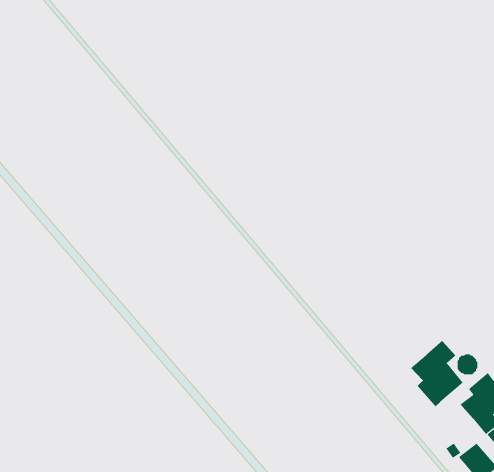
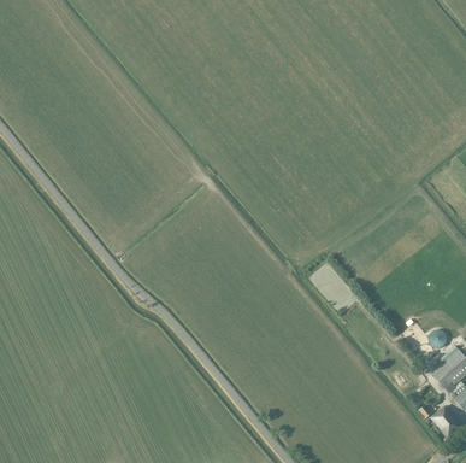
building: [410,339,463,407] -> none

